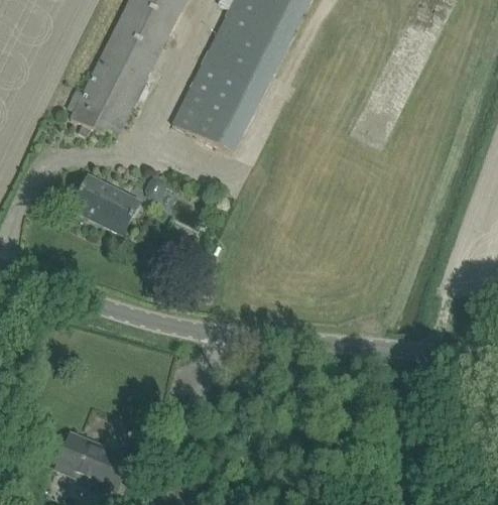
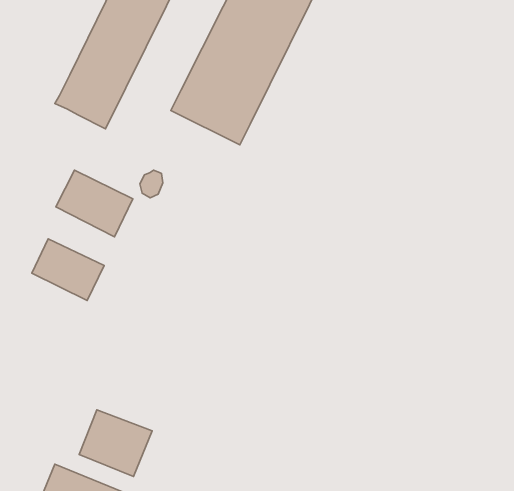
building: none -> [32,239,104,300]
building: none -> [79,410,152,476]

